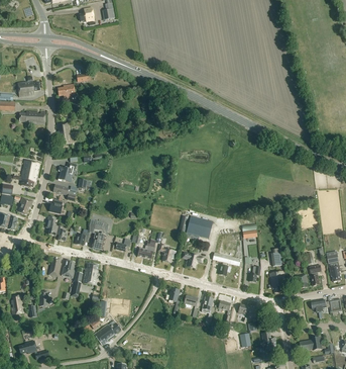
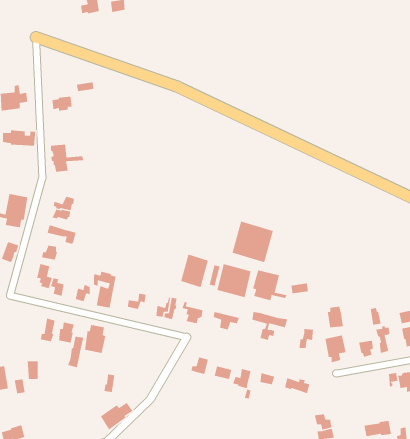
building: none -> [232,220,274,263]
building: none -> [180,253,209,288]
building: none -> [252,269,288,301]

